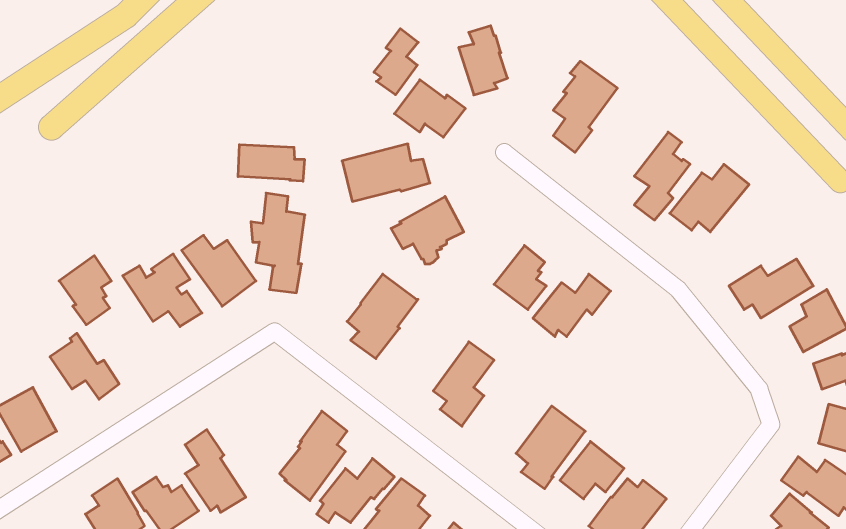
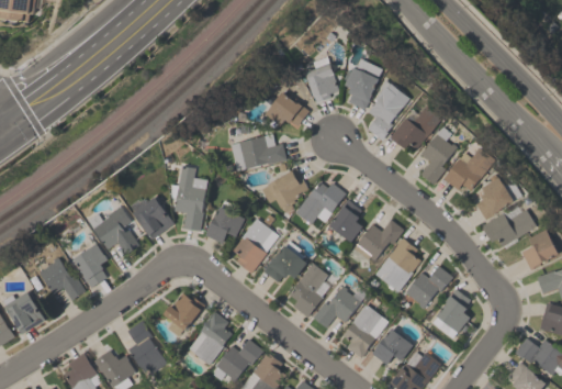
building: [374,29,418,95] -> none
building: none -> [344,59,381,110]
building: none -> [389,107,440,149]
building: [238,145,304,181] -> none
building: none -> [474,174,514,220]
building: none -> [295,181,346,224]
building: none -> [205,205,245,244]
building: [59,256,111,325] -> [74,243,108,288]
building: none -> [374,237,420,292]
building: none -> [262,245,306,282]
building: none -> [405,266,452,309]
building: none -> [313,286,367,327]
building: none -> [432,289,470,338]
building: none -> [164,292,204,336]

